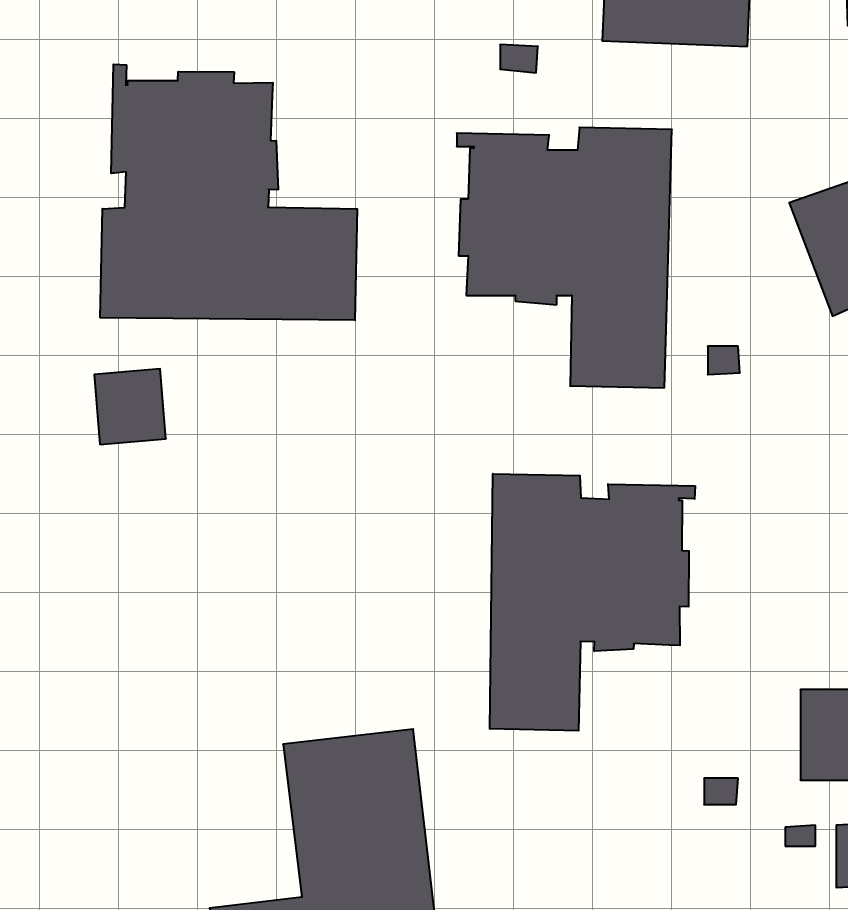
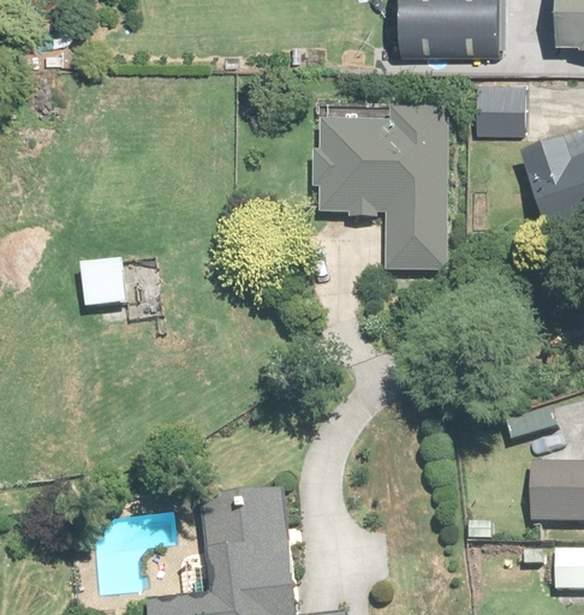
building: [100,64,357,320] -> none
building: none -> [475,82,524,133]
building: [490,474,695,731] -> none

